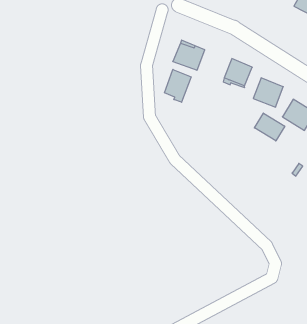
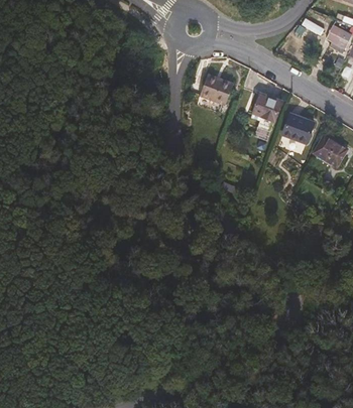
building: [165,69,191,102] -> none
building: [254,113,285,141] -> none

